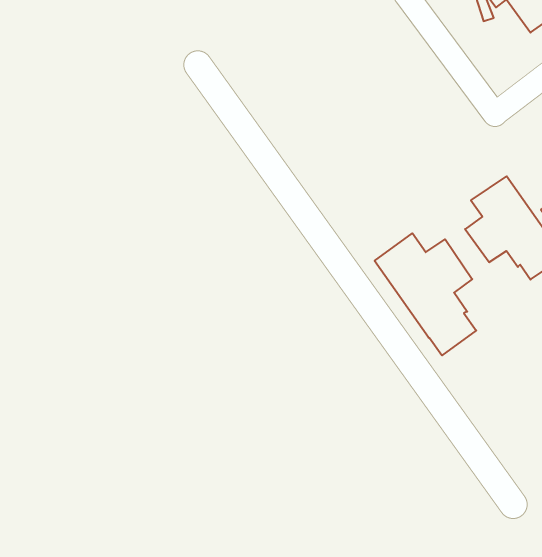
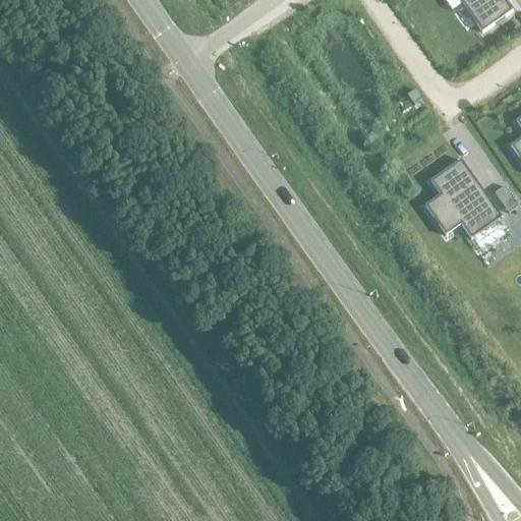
building: [375,233,476,355] -> none

